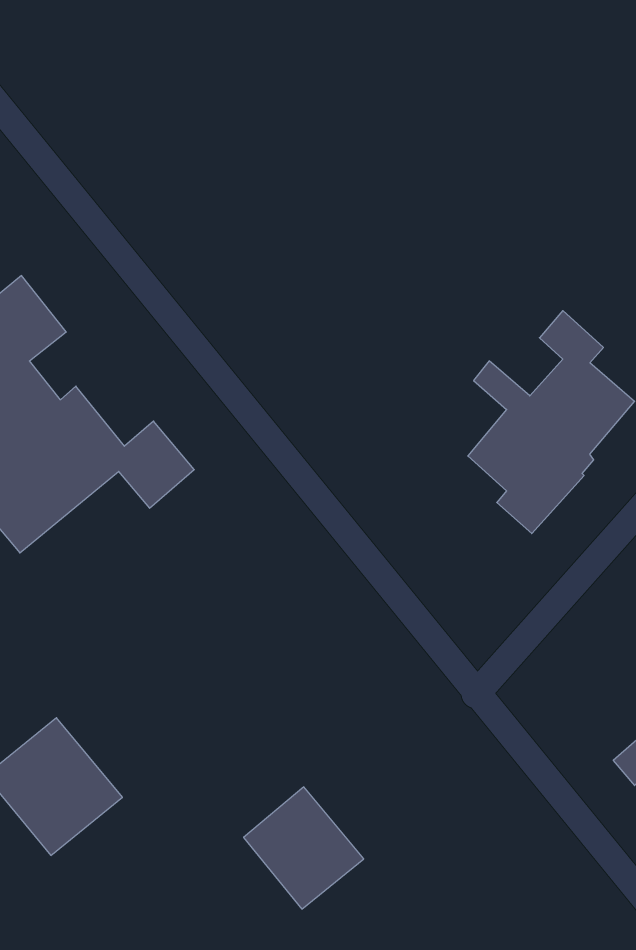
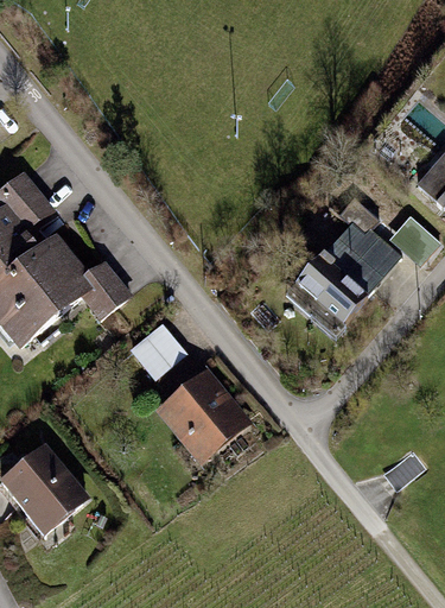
building: none -> [131,322,187,379]
building: [244,787,364,909] -> [169,379,242,454]

